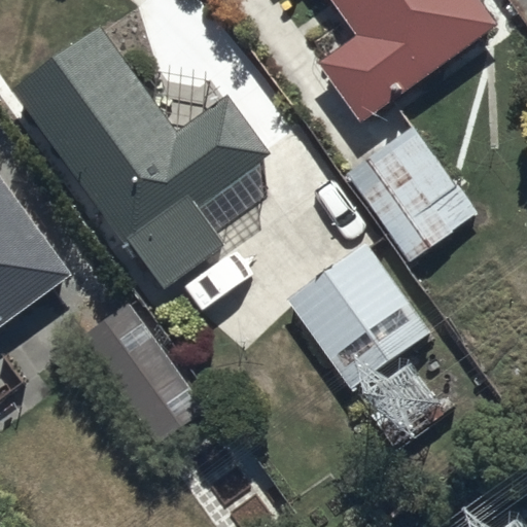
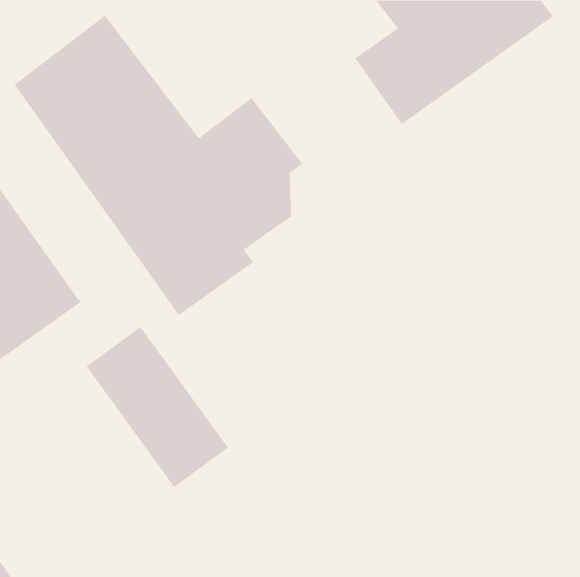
building: [343,125,476,264] -> none
building: [281,237,430,391] -> none

